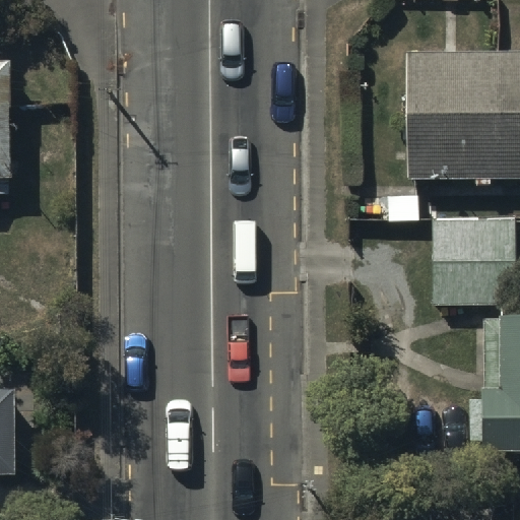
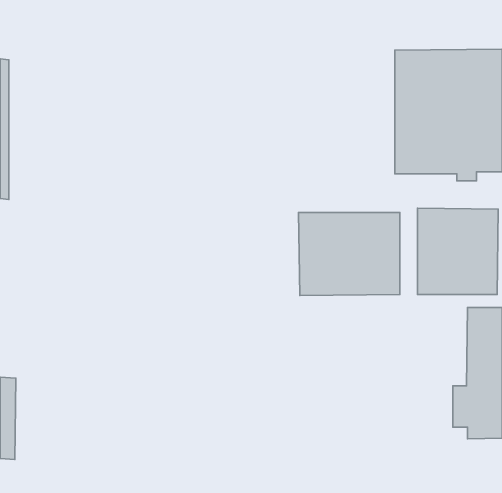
building: none -> [299,212,400,295]

